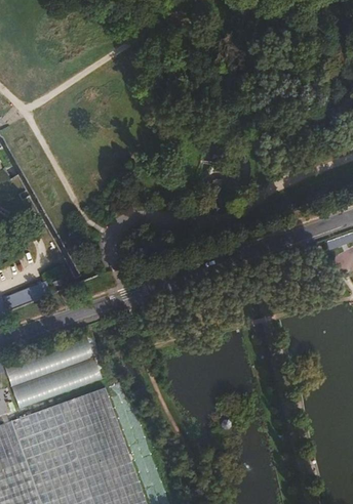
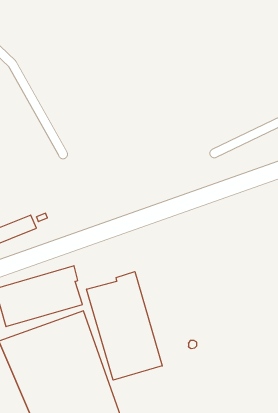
building: none -> [87,272,162,380]

